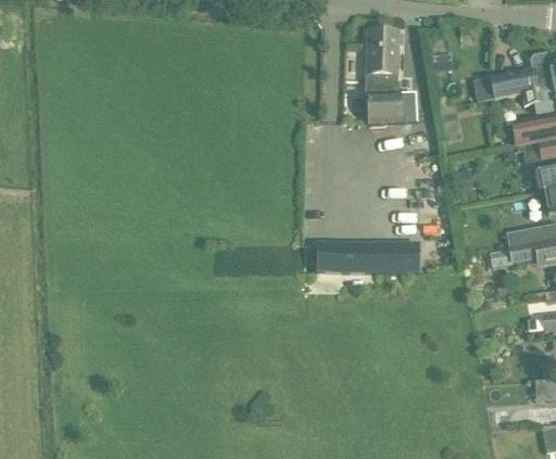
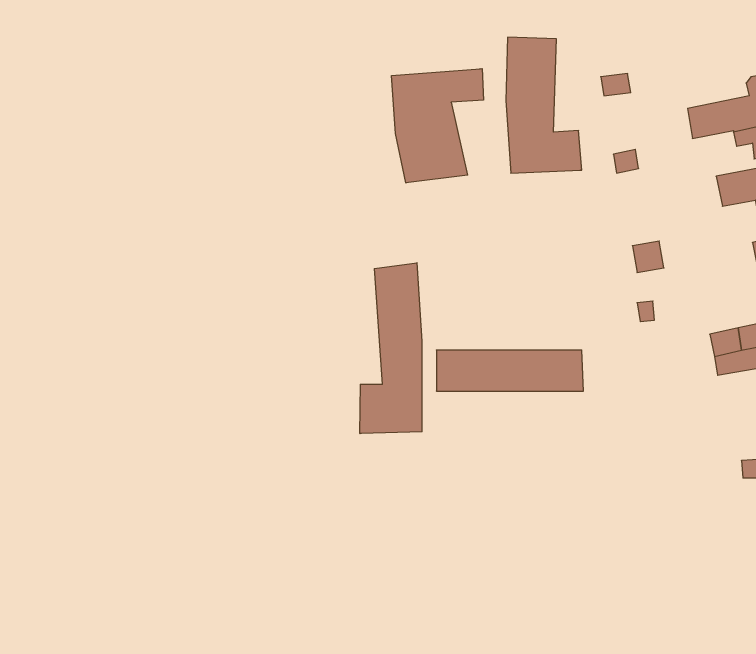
building: none -> [392,69,483,183]
building: none -> [360,263,422,434]

